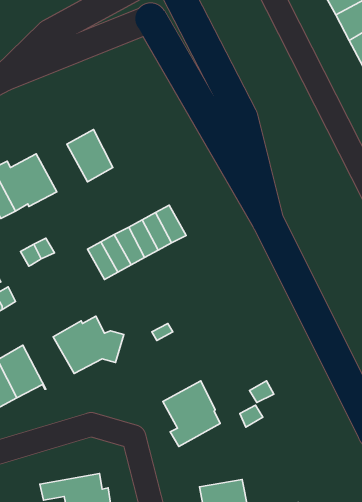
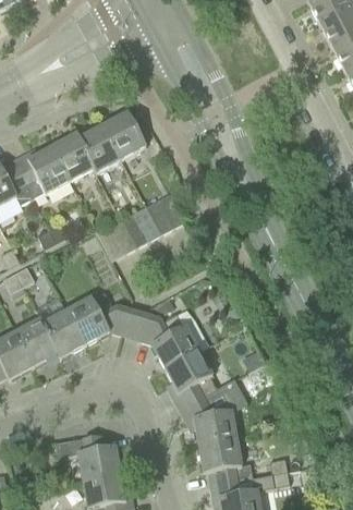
building: none -> [102,112,145,159]
building: none -> [51,133,97,181]
building: none -> [42,311,85,357]
building: none -> [138,314,208,368]
building: none -> [179,388,235,445]

